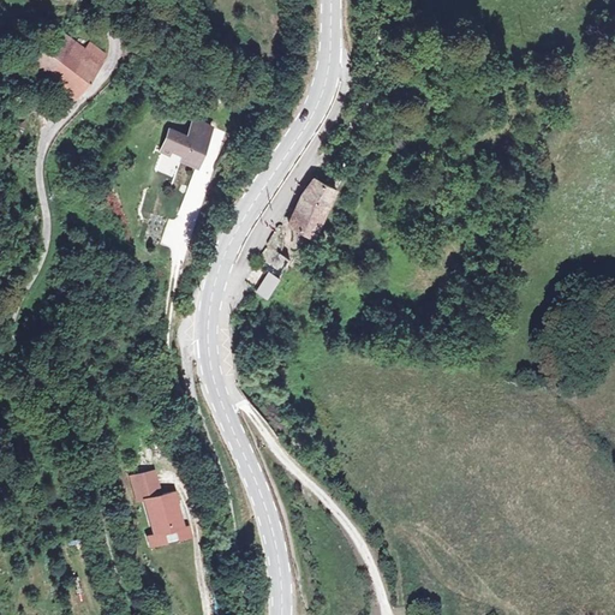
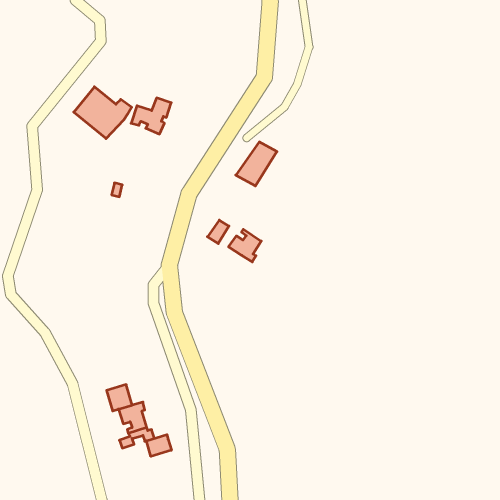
building: [42,30,113,94] -> [74,87,132,139]
building: none -> [229,229,261,262]
building: none -> [146,435,171,456]

